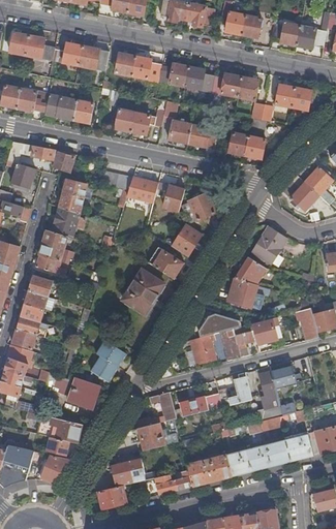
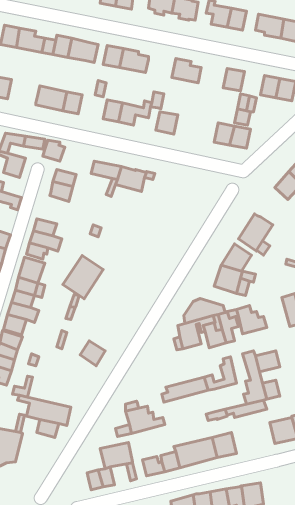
building: [157,63,188,86] -> none
building: [211,73,241,96] -> none
building: [16,88,47,112] -> none
building: [186,124,214,149] -> none
building: [162,185,184,212] -> none
building: [187,192,214,220] -> none
building: [52,207,81,235] -> none
building: [171,223,202,256] -> none
building: [148,247,182,278] -> none
building: [122,269,163,313] -> [63,255,103,299]
building: [95,340,125,366] -> none
building: [67,377,96,407] -> none
building: [148,392,176,423] -> none
building: [245,439,289,471] -> none
building: [39,454,69,483] -> none

